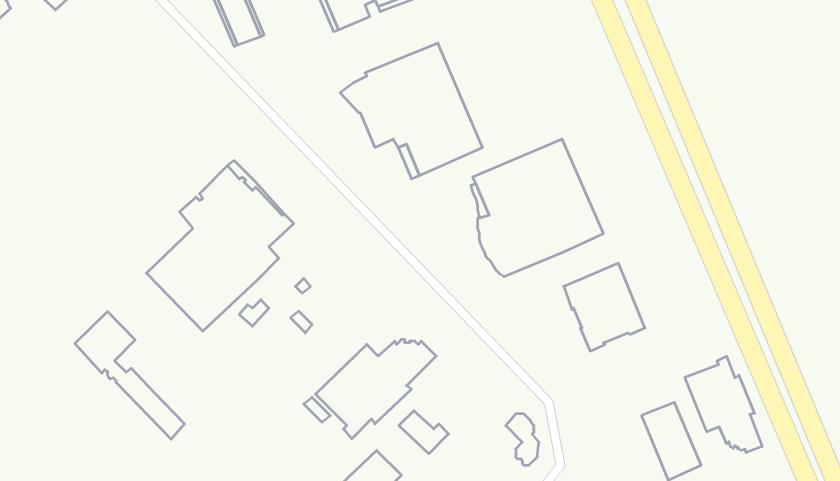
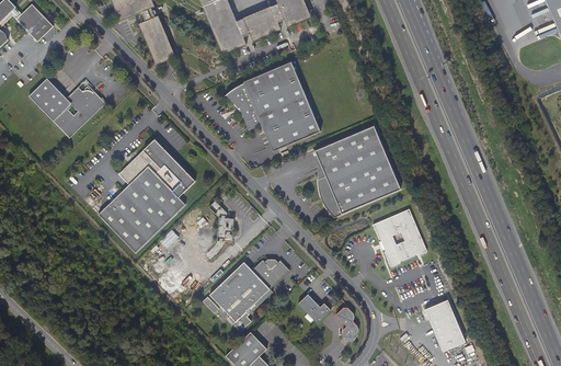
building: none -> [28,78,106,137]
building: [75,312,184,439] -> none
building: [685,356,762,453] -> none
building: [399,411,449,454] -> [297,294,330,322]

